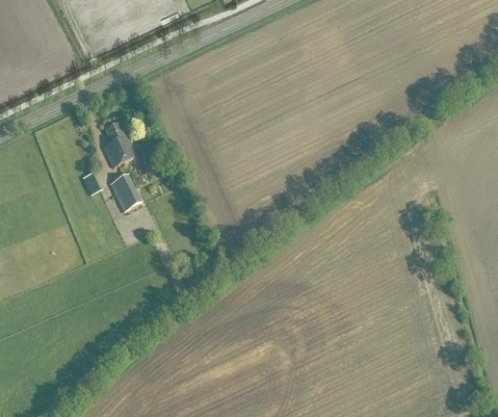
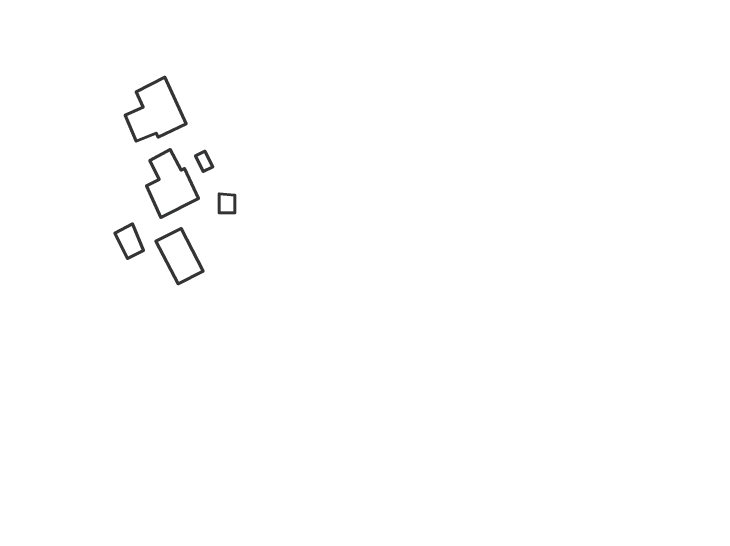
building: none -> [125,77,186,141]

